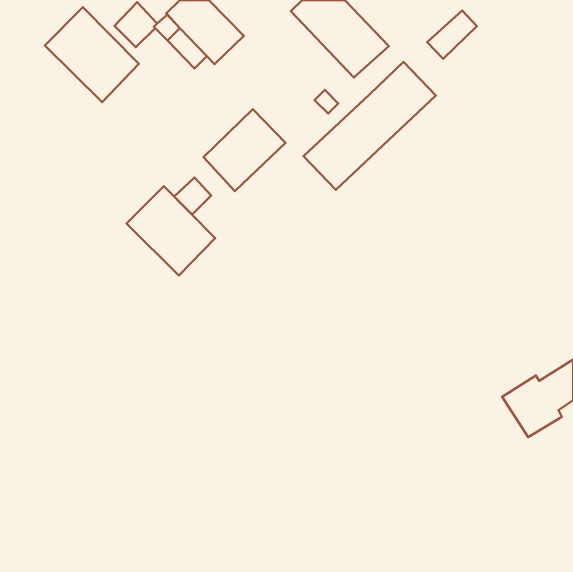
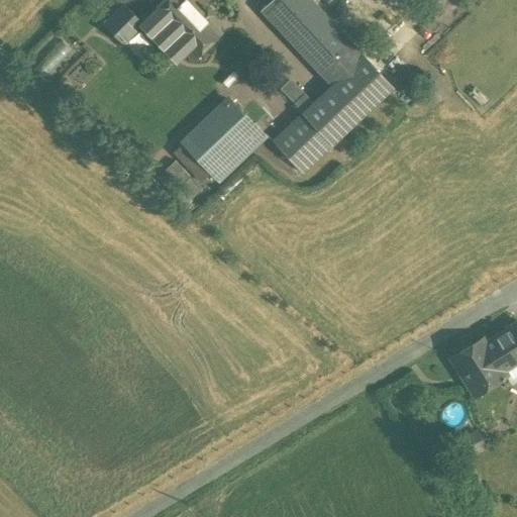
building: [45,7,139,102] -> none
building: [427,11,477,59] -> [318,43,363,87]
building: [126,186,215,276] -> none

